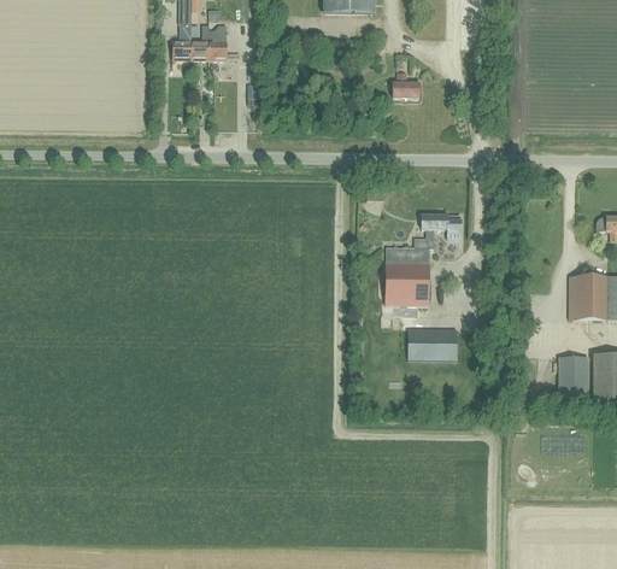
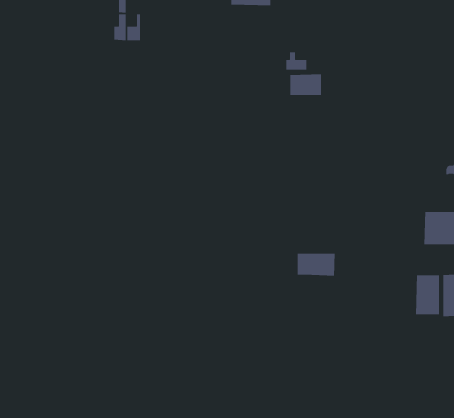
building: [208,24,227,59] -> none
building: none -> [289,74,322,96]
building: [386,213,460,305] -> none

